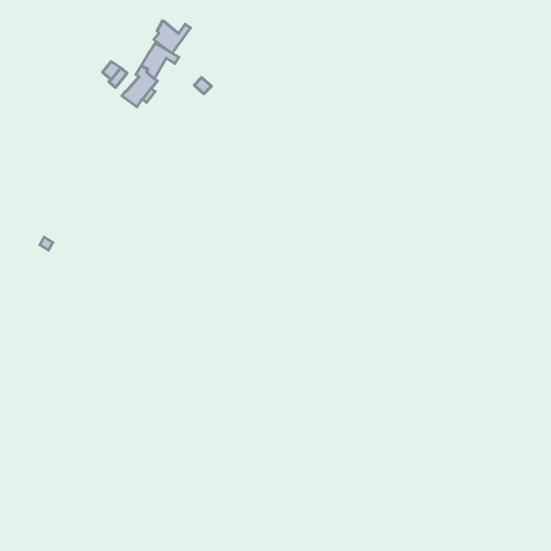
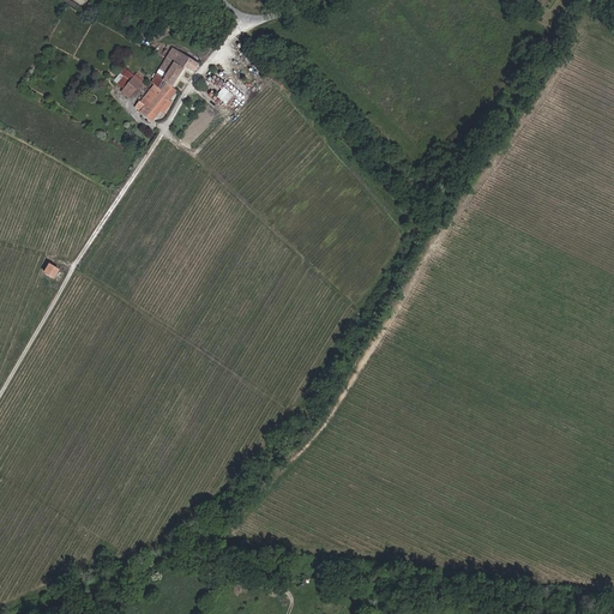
building: [154,21,191,53] -> none

